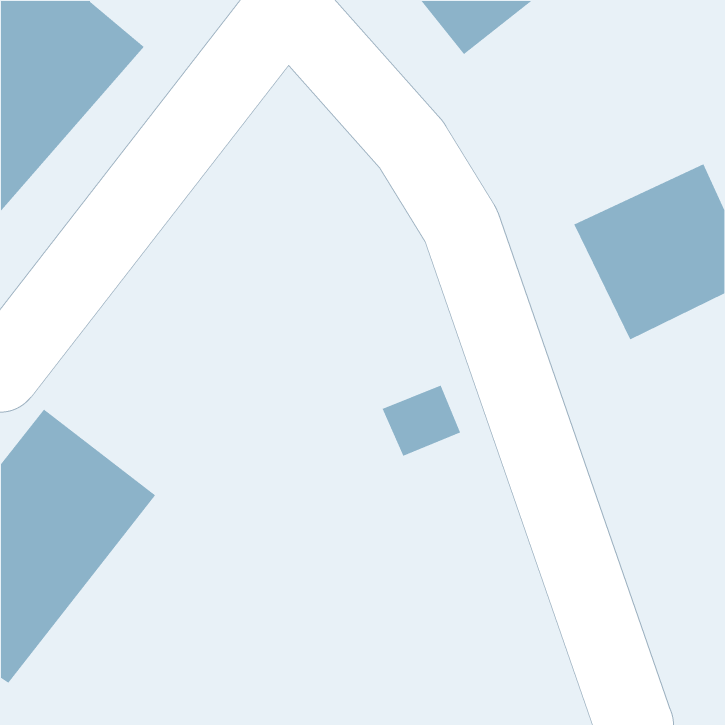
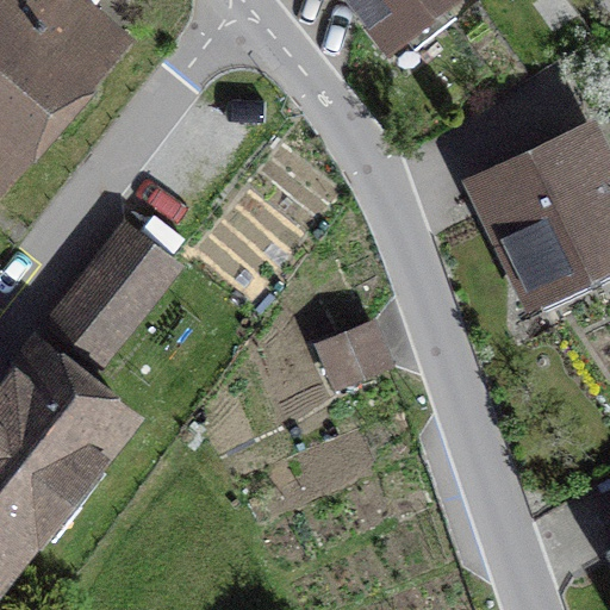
building: none -> [55,230,173,356]

